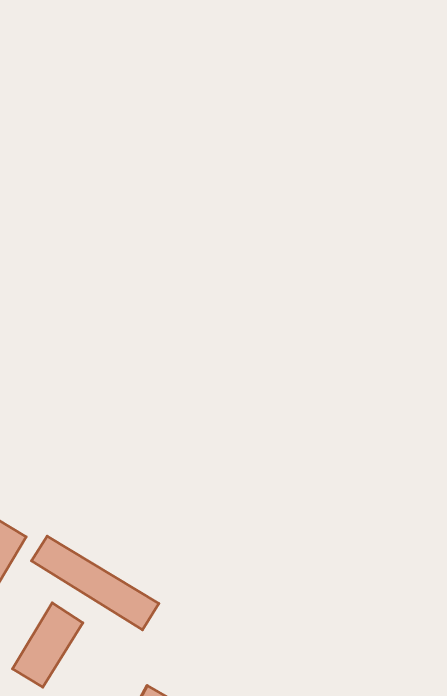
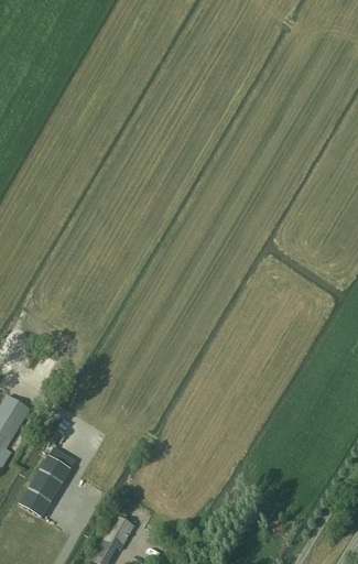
building: [32,536,159,630] -> none

